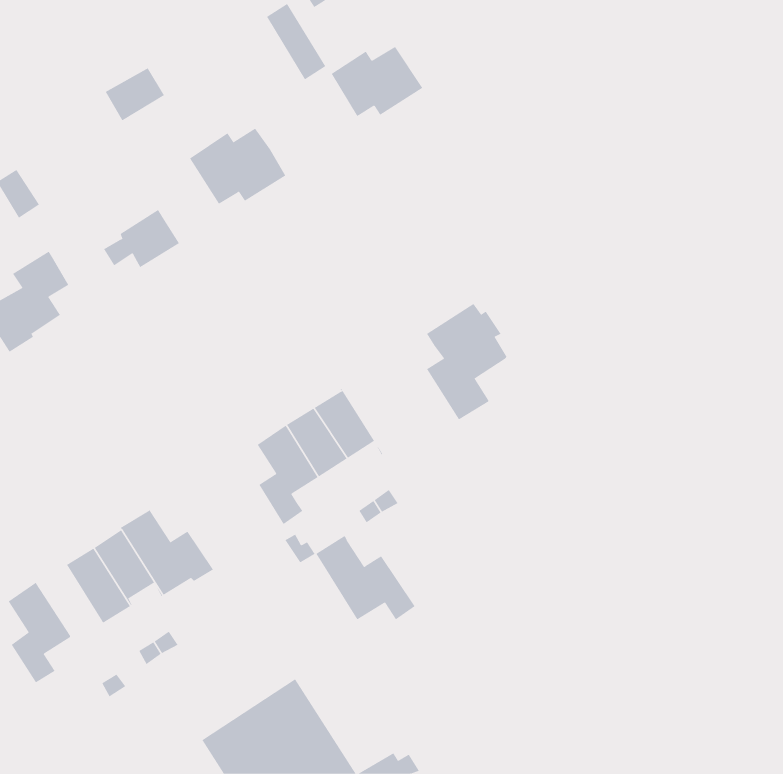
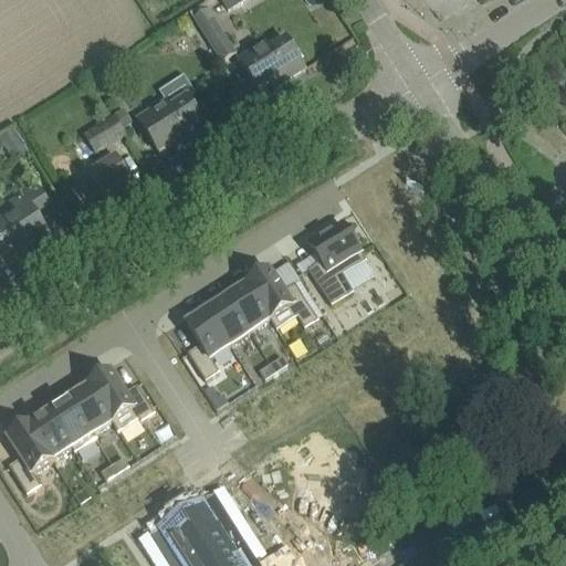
building: [105,67,165,121] -> [82,108,125,147]
building: [315,535,415,620] -> [245,265,317,326]
building: none -> [27,406,74,457]

